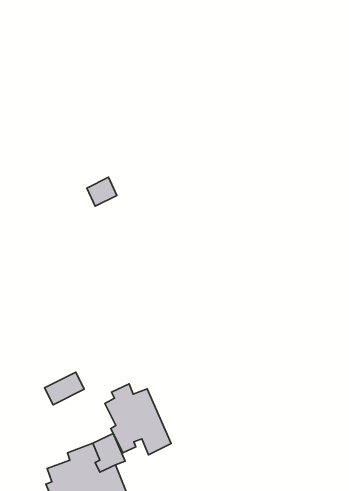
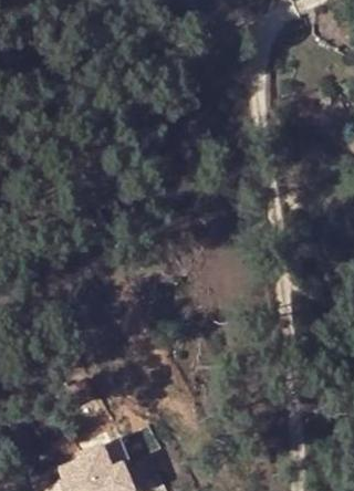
building: [105,384,171,455] -> none

